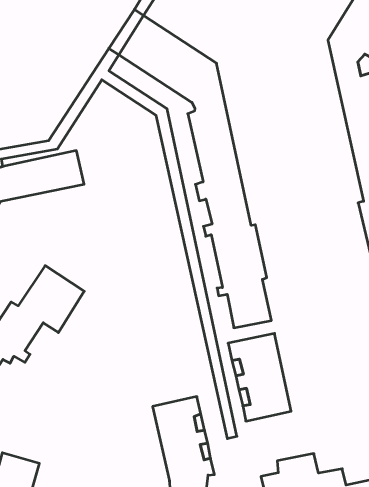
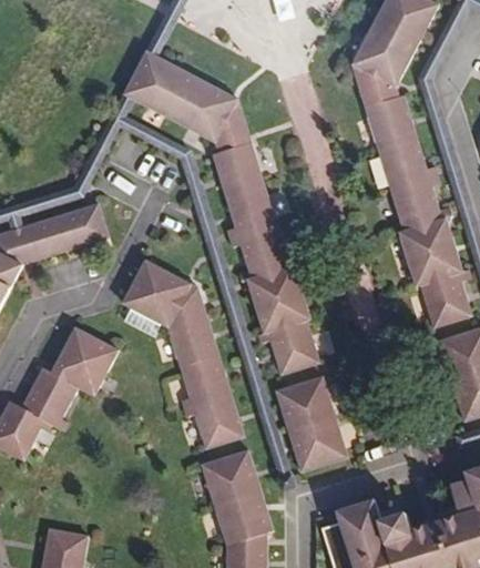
building: none -> [123,261,243,448]

